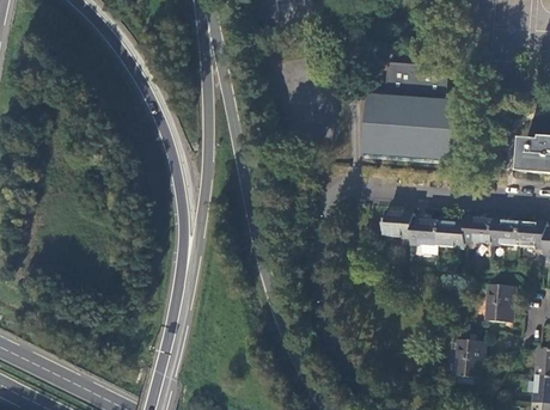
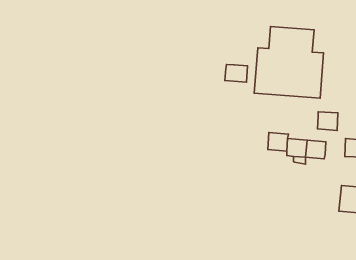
building: none -> [225,64,247,82]
building: [463,216,491,243] -> [317,112,338,131]
building: [451,337,482,377] -> none

